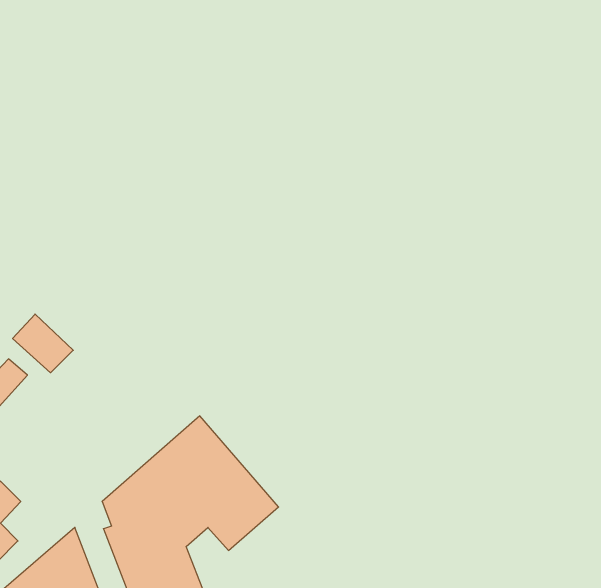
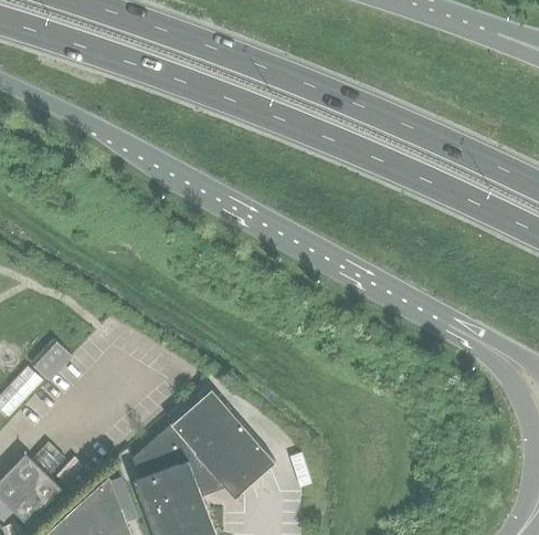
building: [13,314,73,373] -> none

